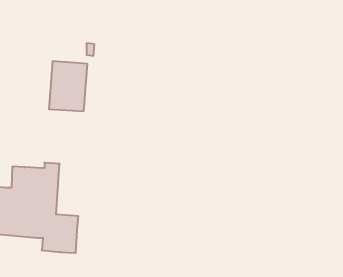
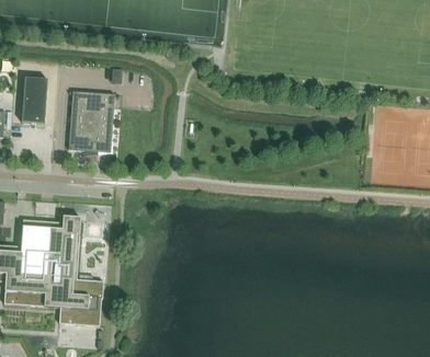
building: none -> [22,78,48,124]

